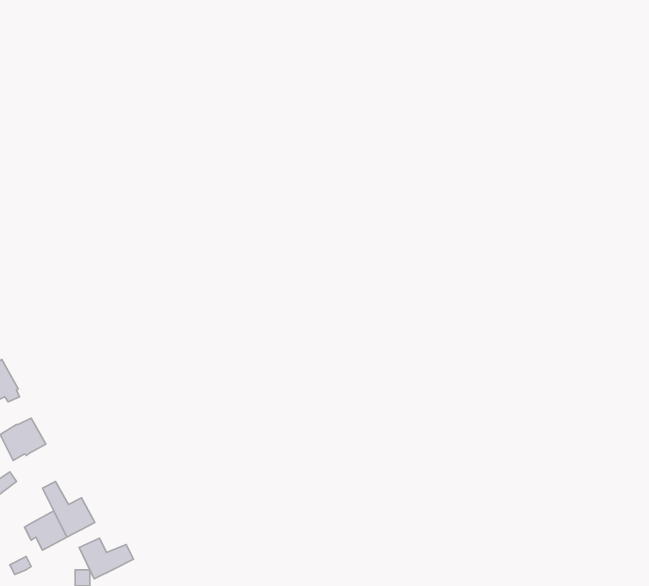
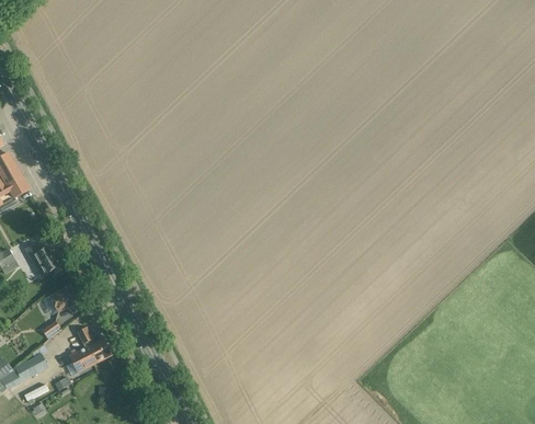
building: [79,538,134,579] -> none

